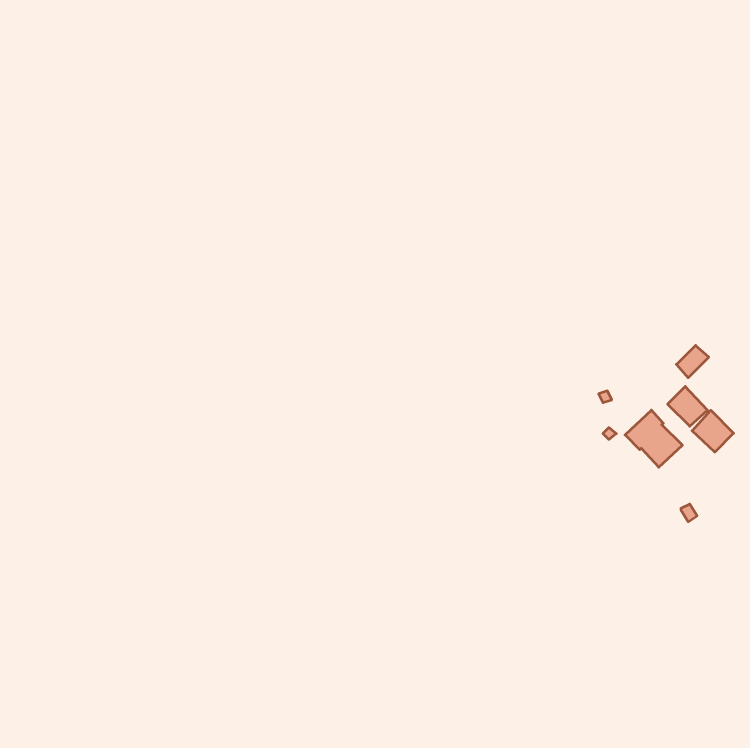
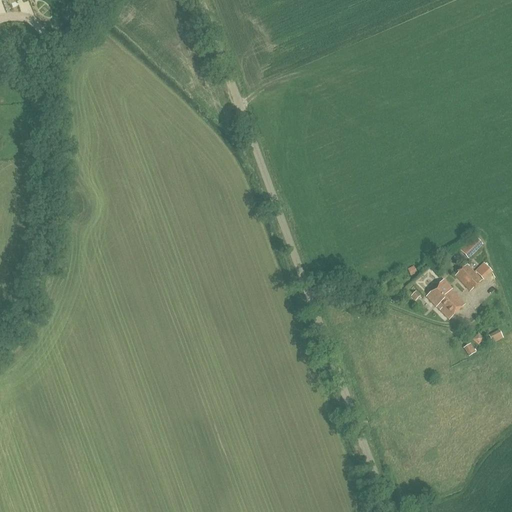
building: [692,410,734,452] -> none

